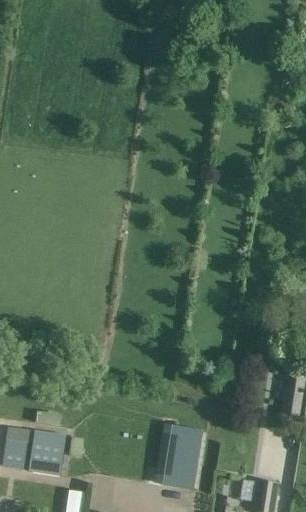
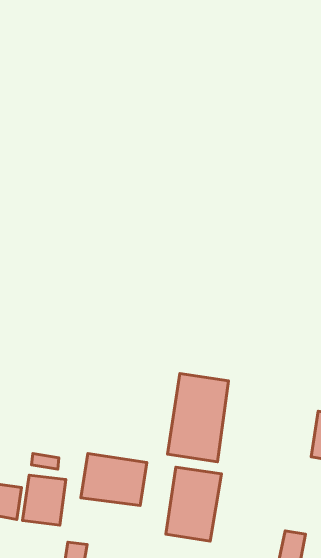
building: none -> [168,374,229,462]
building: none -> [81,454,147,505]

